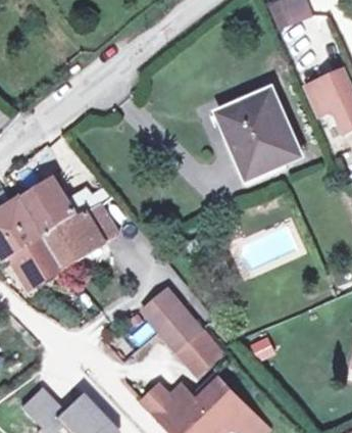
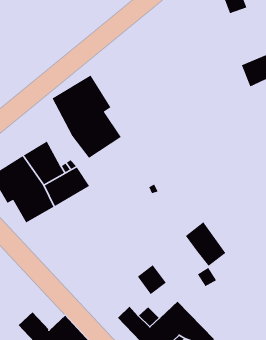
building: [217,85,300,172] -> none
building: none -> [51,74,122,159]
building: [143,293,195,350] -> [185,221,226,267]

